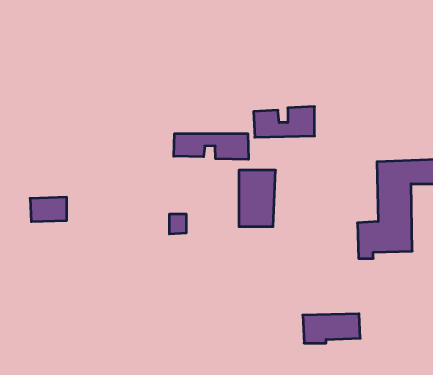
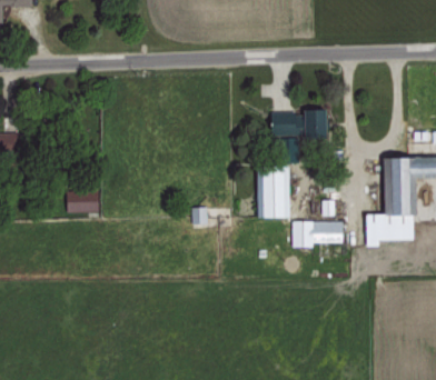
building: [174,134,248,159] -> none
building: [303,314,360,343] -> [293,220,345,247]

